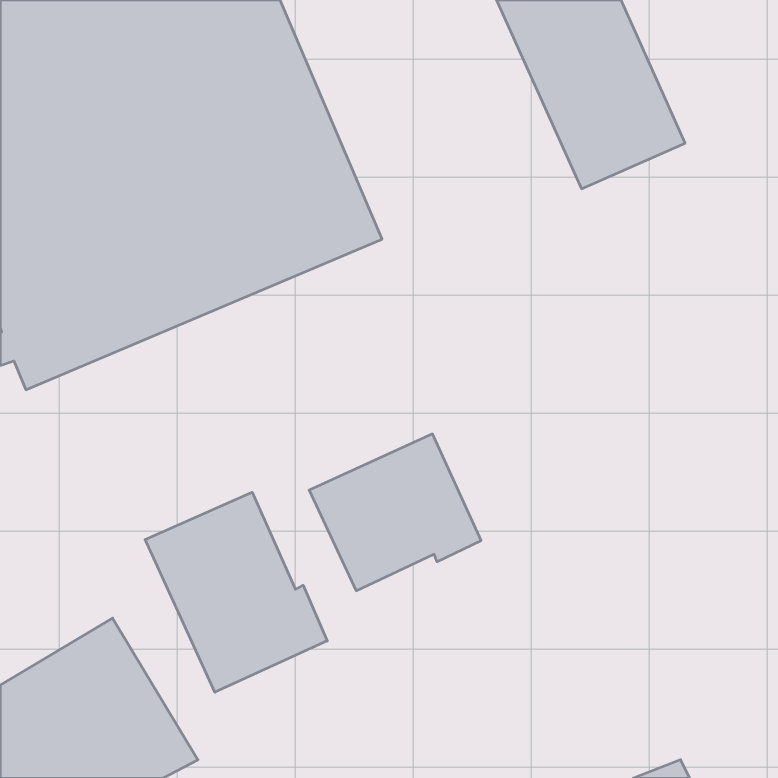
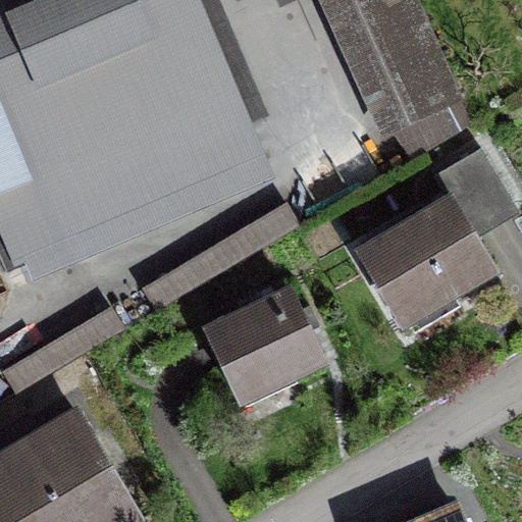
building: none -> [361,149,513,320]
building: [145,492,327,692] -> none

